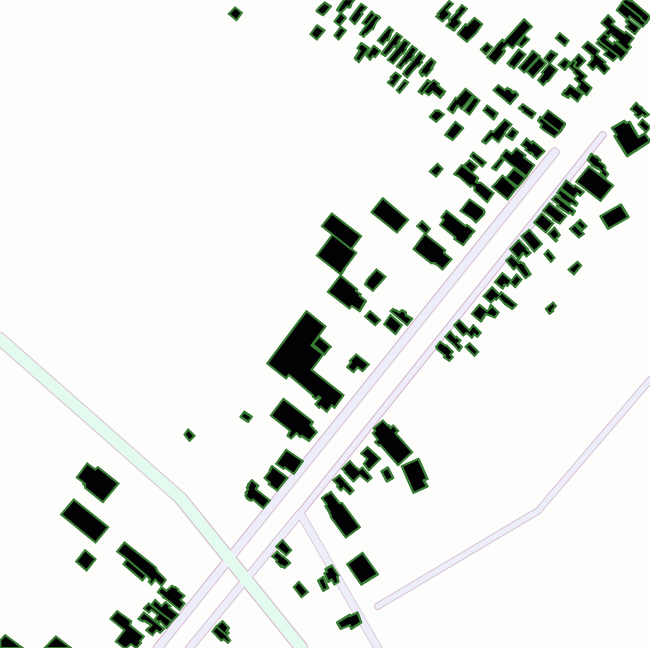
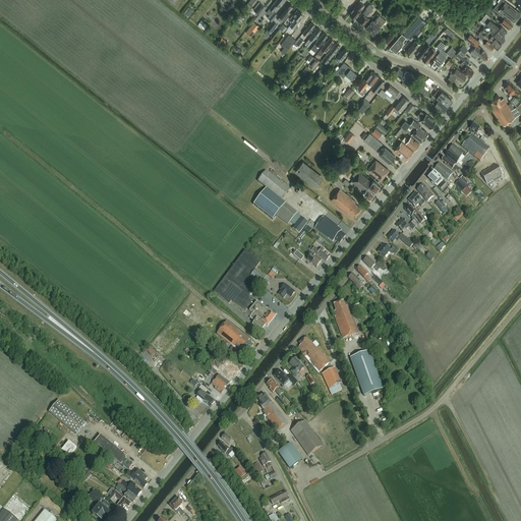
building: [328,275,366,311] -> [314,215,345,243]
building: none -> [334,300,358,339]
building: none -> [350,350,383,396]
building: [77,464,119,502] -> none
building: none -> [291,420,323,455]

